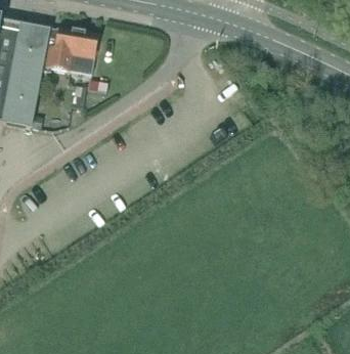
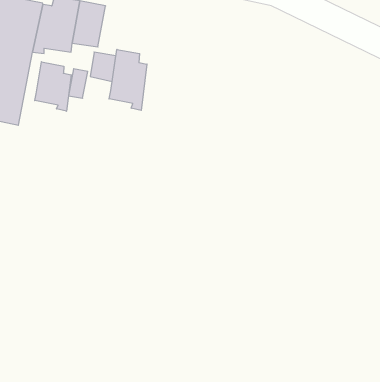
building: none -> [109,49,147,110]
building: none -> [35,62,71,111]

